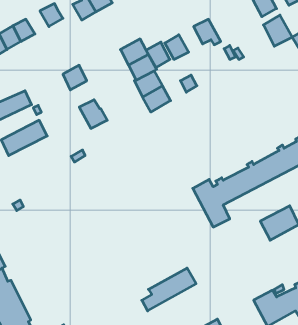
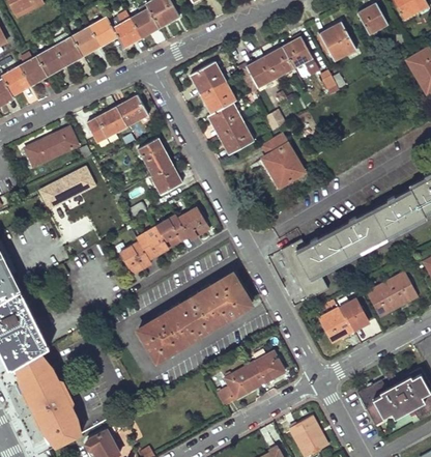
building: none -> [112,19,141,46]
building: none -> [70,27,99,56]
building: [263,15,292,46] -> [319,22,355,61]
building: [146,42,170,68] -> [263,47,293,79]
building: none -> [86,107,126,142]
building: none -> [258,135,305,189]
building: none -> [151,165,182,195]
building: none -> [119,206,209,274]
building: none -> [139,273,252,360]
building: none -> [318,298,368,342]

